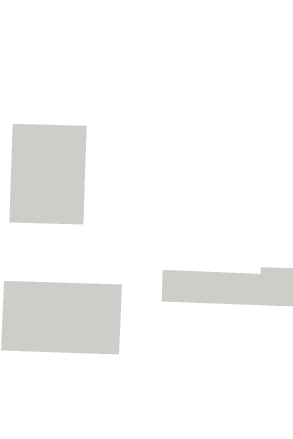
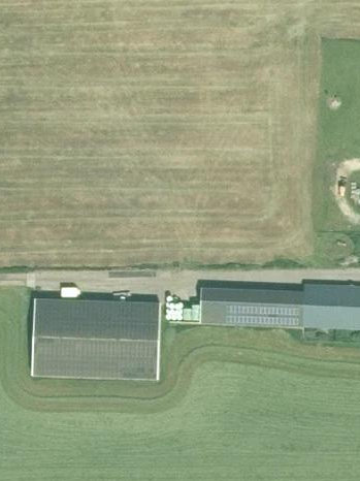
building: [9,123,87,225] -> none

